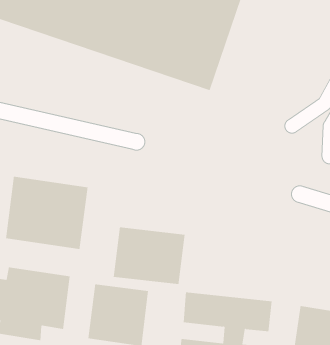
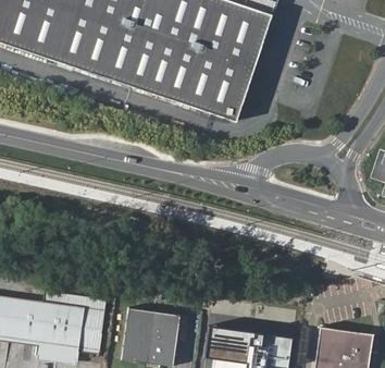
building: [5,176,88,250] -> none
building: [113,227,185,285] -> none

